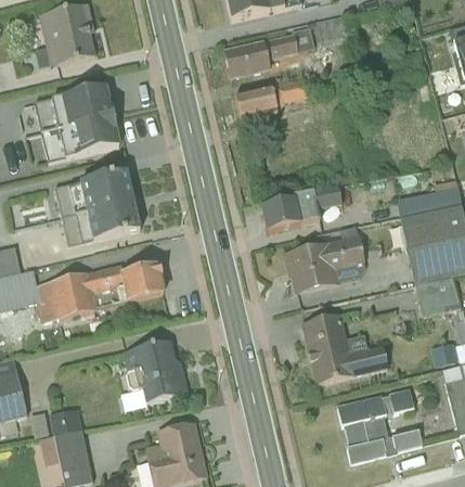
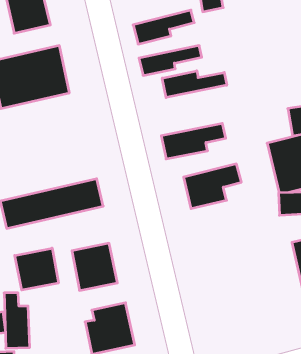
building: none -> [162,71,227,98]
building: [64,167,155,244] -> none
building: [301,312,384,384] -> none
building: none -> [15,248,58,290]
building: [337,386,423,462] -> none

